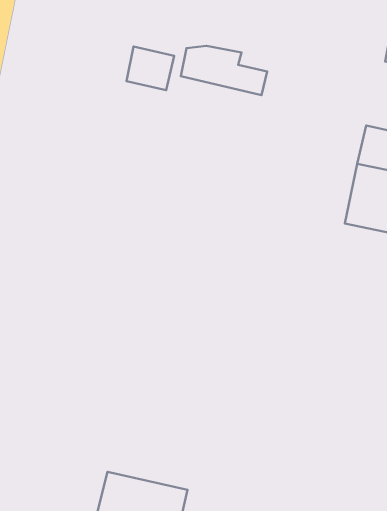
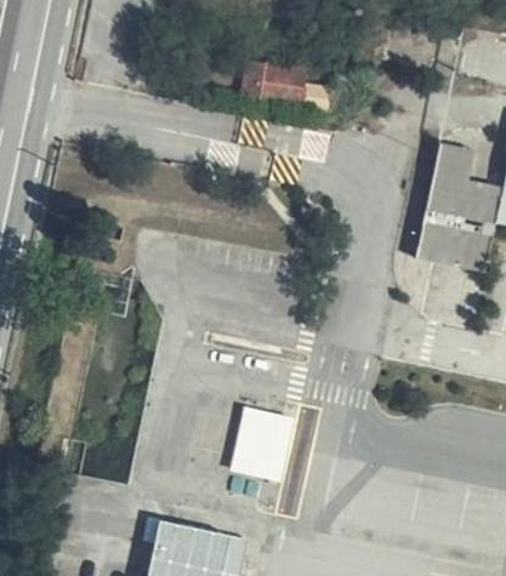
building: [127,46,174,90] -> none
building: none -> [231,405,295,480]

